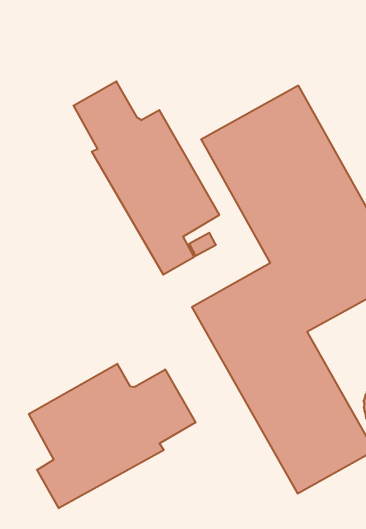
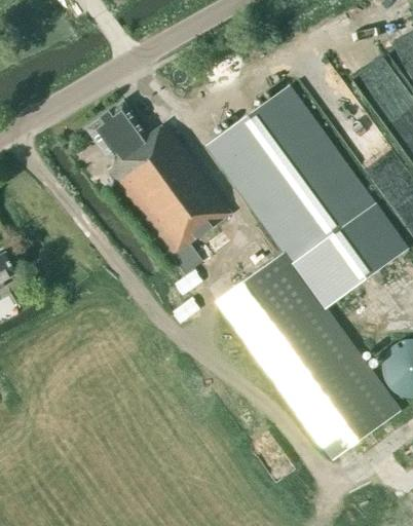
building: [29,364,196,508] -> none

